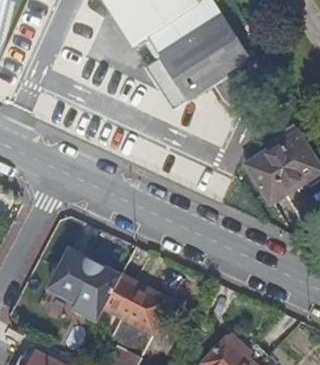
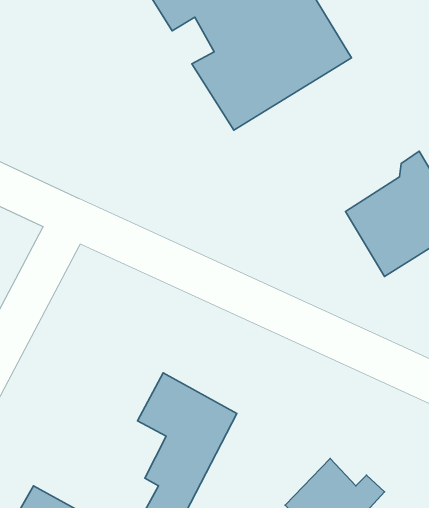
building: [54,247,121,319] -> none

